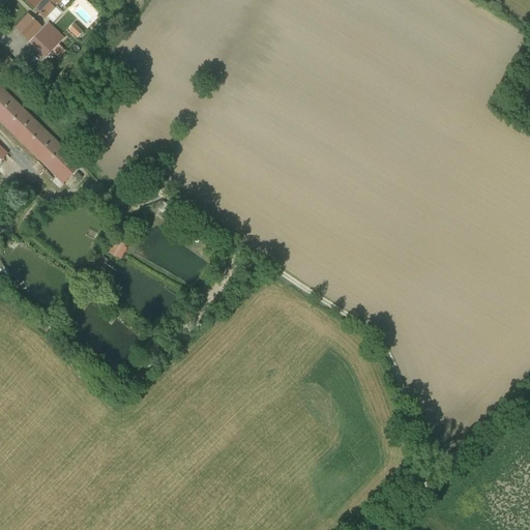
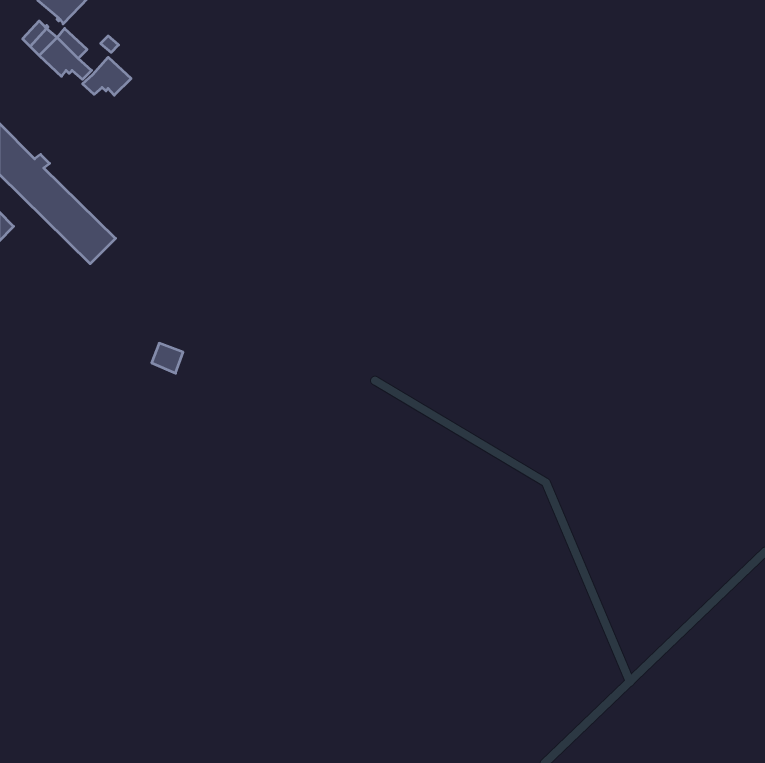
building: none -> [83,57,131,95]

